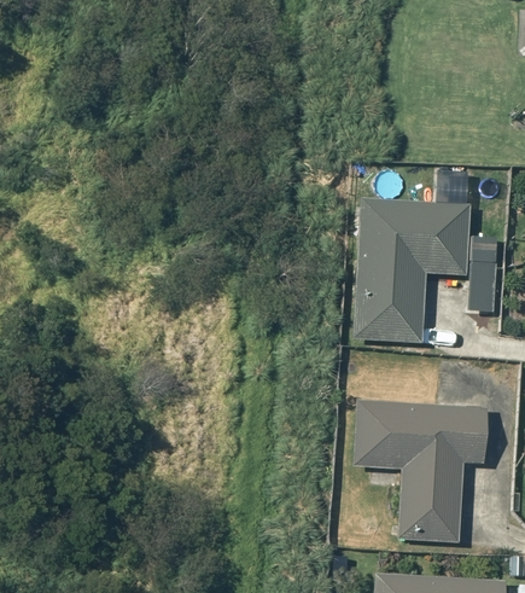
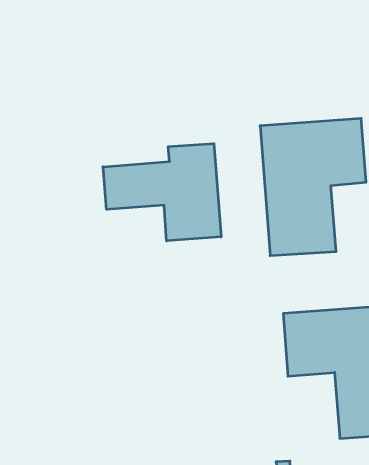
building: none -> [103,144,221,241]

